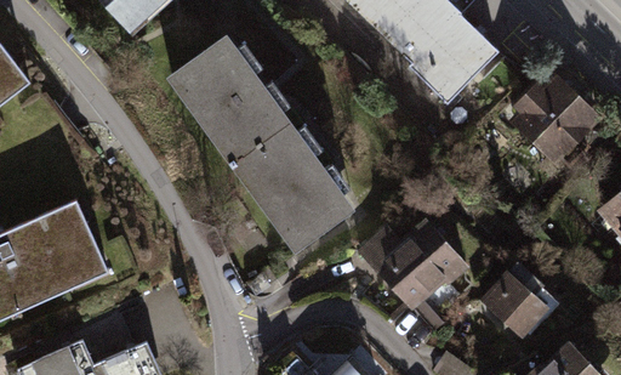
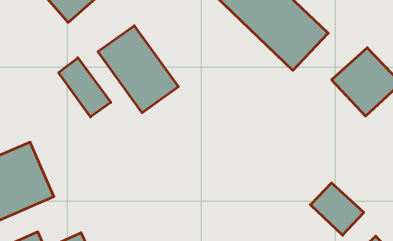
building: none -> [59,58,111,117]
building: [234,126,351,251] -> none
building: [365,208,468,312] -> none

